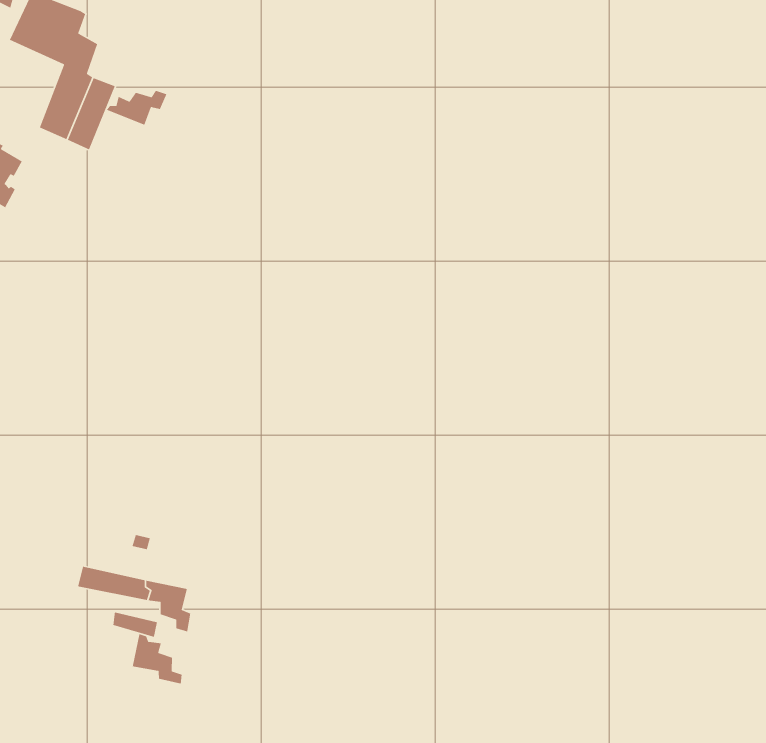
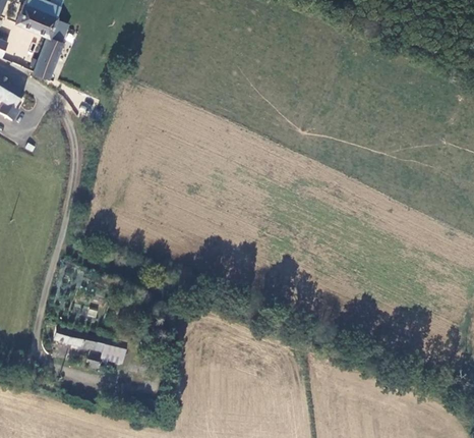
building: [106,90,167,126] -> none
building: [132,633,182,684] -> none

